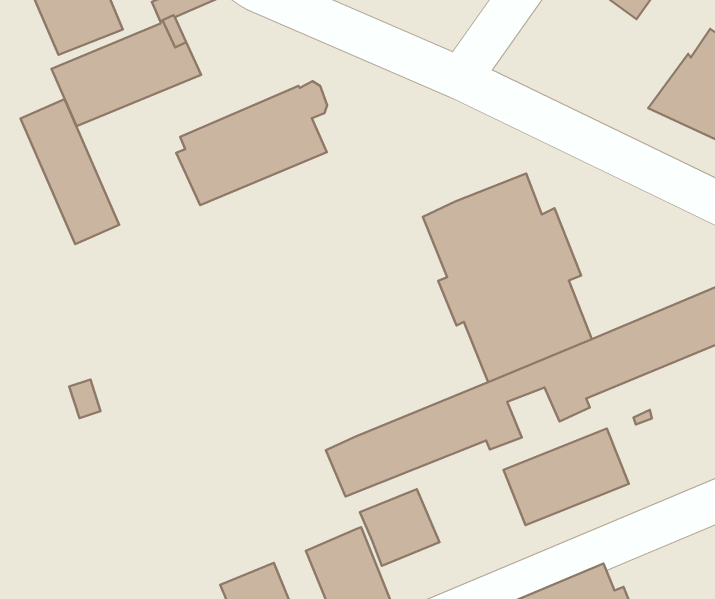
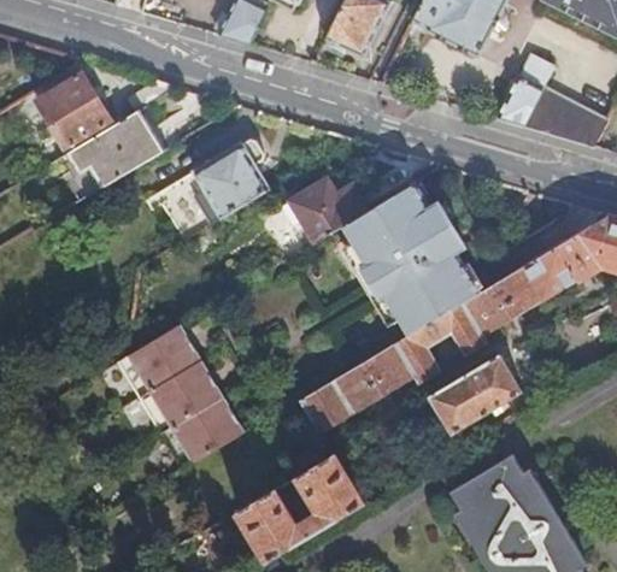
building: [21,99,119,244] -> none
building: none -> [281,176,366,240]
building: none -> [119,320,245,468]
building: [360,489,440,566] -> none

